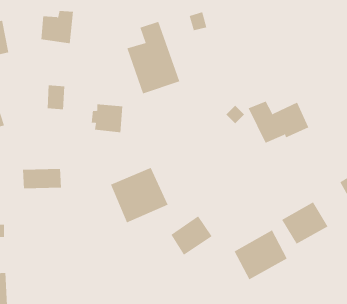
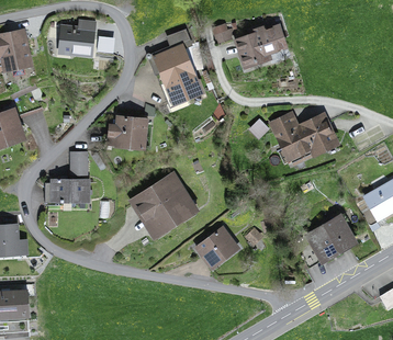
building: none -> [235,24,285,65]
building: [47,85,65,110] -> [67,152,86,178]
building: [234,230,287,280] -> none

